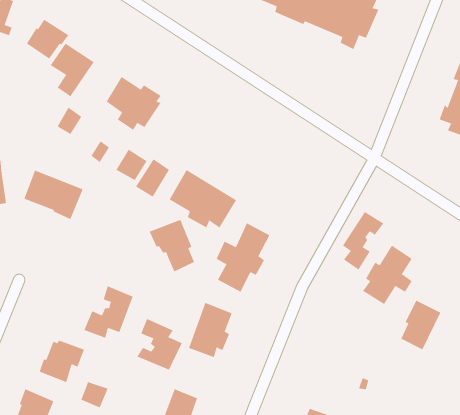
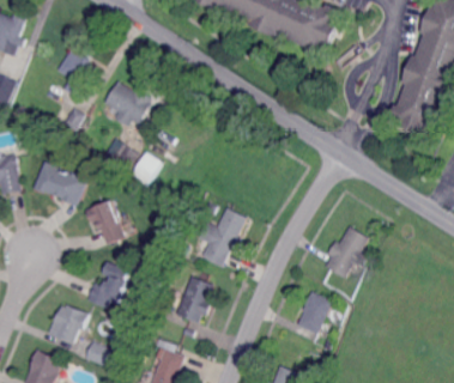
building: [26,19,69,60] -> none
building: [169,169,237,229] -> none
building: [342,211,384,270] -> none
building: [149,219,195,272] -> [86,201,126,247]
building: [401,300,441,350] -> [296,291,331,334]
building: [137,318,182,371] -> none

